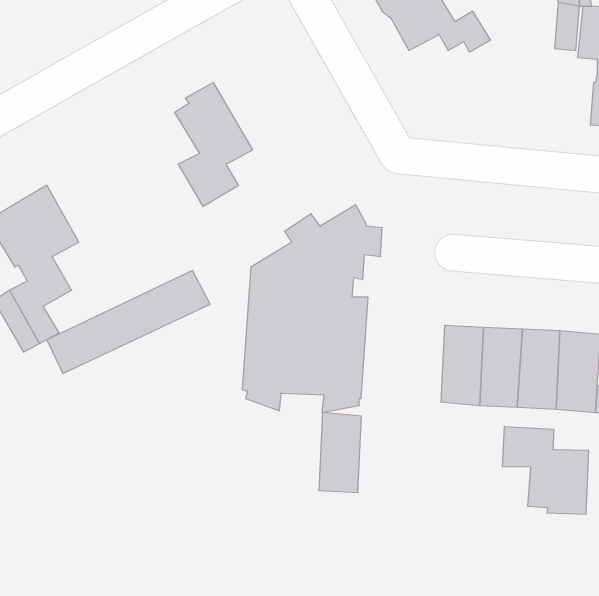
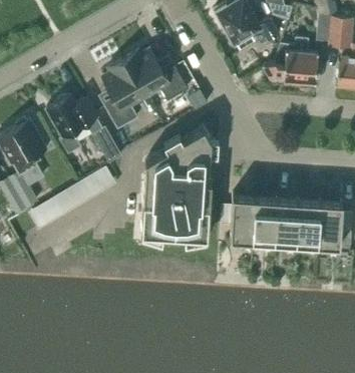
building: none -> [265,38,319,82]
building: none -> [124,50,189,101]
building: none -> [47,96,122,163]
building: [319,413,361,492] -> [231,196,255,241]
building: [503,426,589,514] -> none

